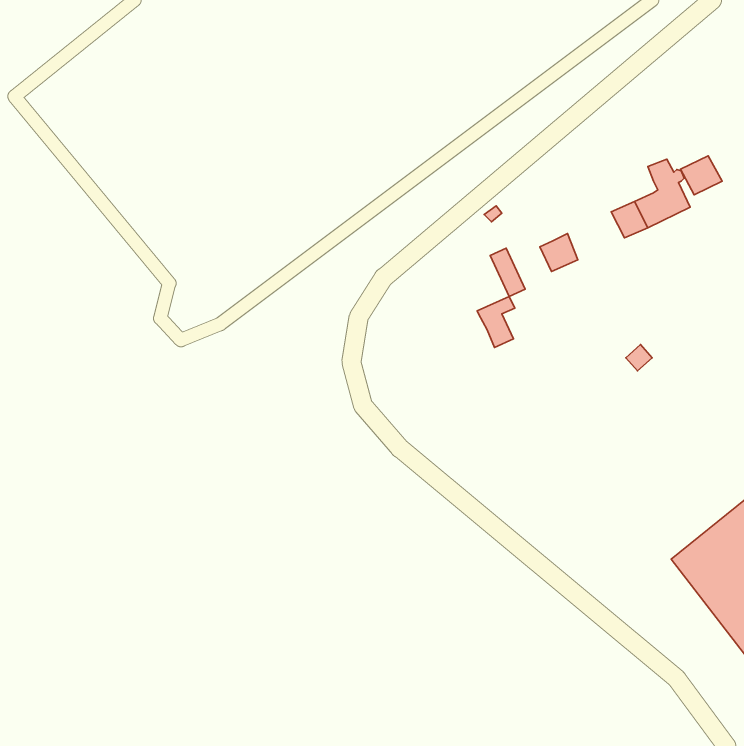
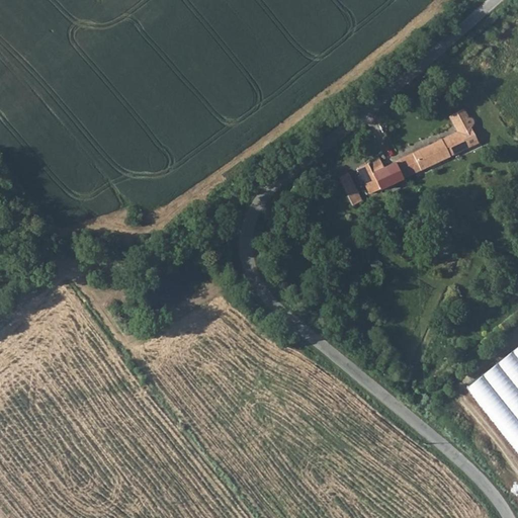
building: [680,156,722,195] -> none
building: none -> [395,147,434,180]
building: [477,296,515,347] -> [358,159,384,194]

